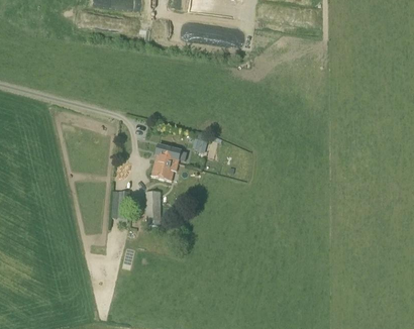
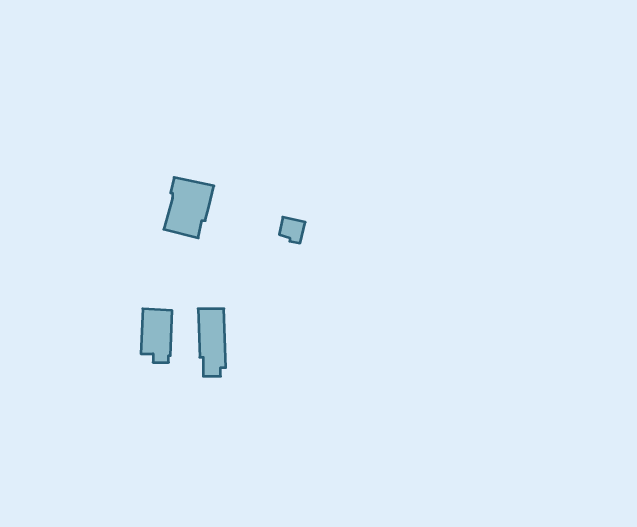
building: [151,144,181,180] -> [164,177,214,238]

